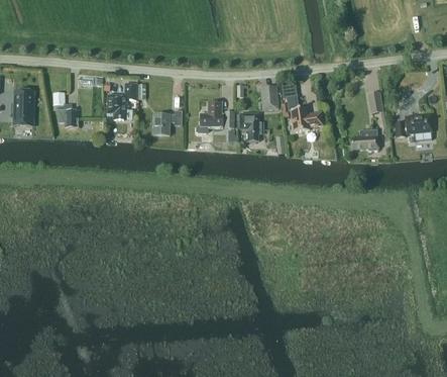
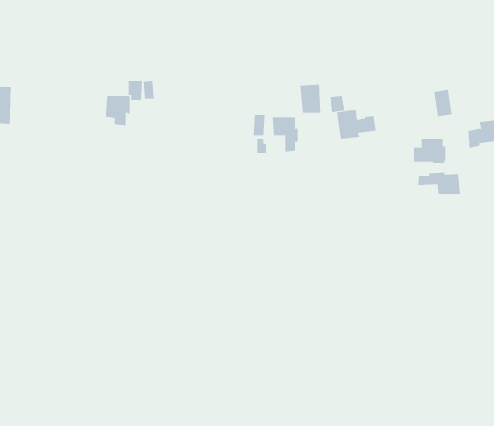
building: [52,95,77,128] -> none
building: [195,101,223,133] -> none
building: [152,109,183,134] -> none
building: none -> [418,172,460,195]

